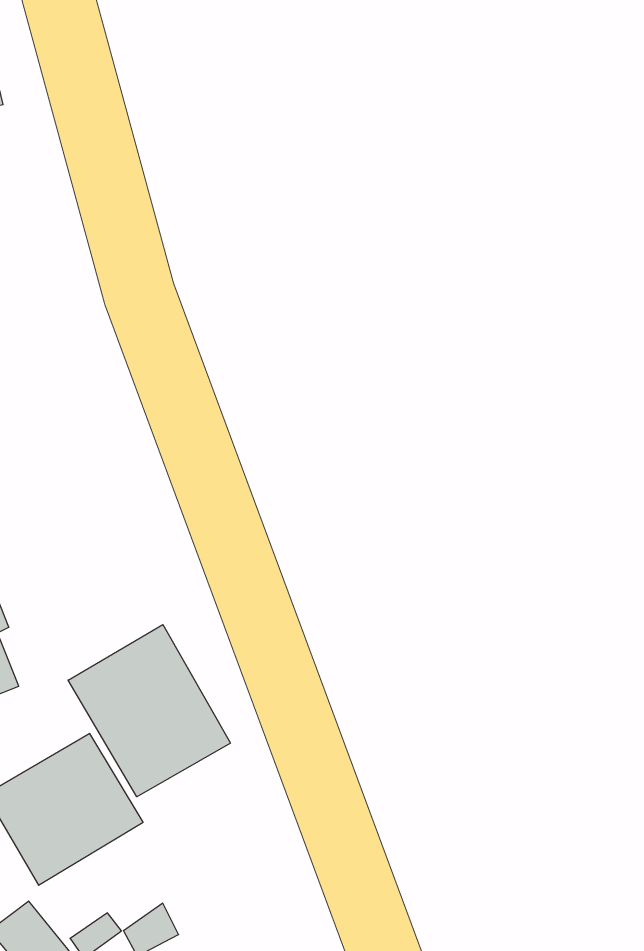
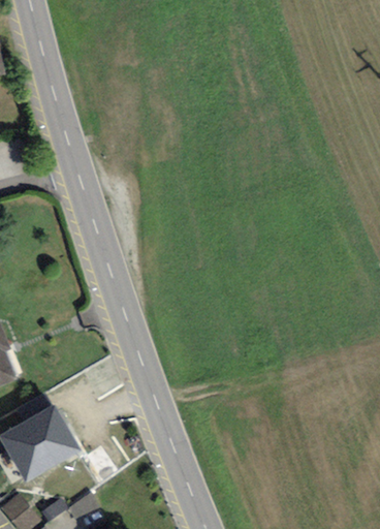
building: [68,625,230,797] -> none

